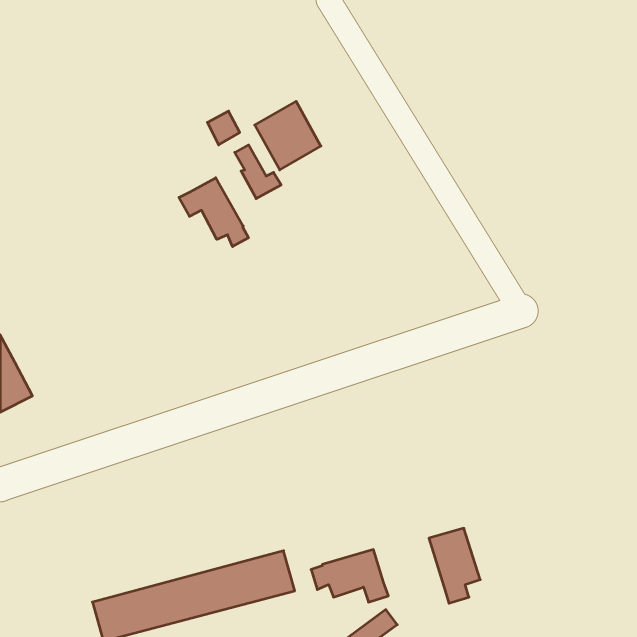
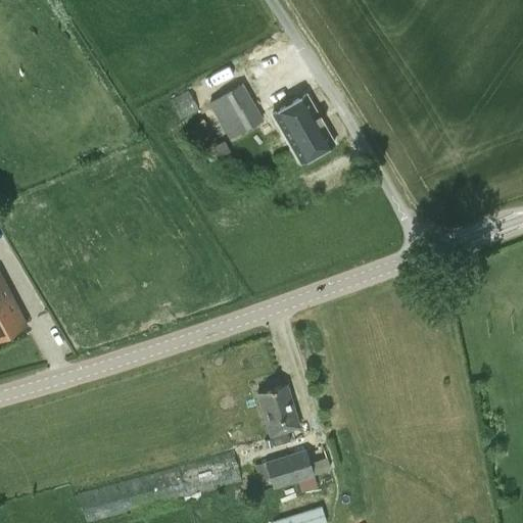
building: none -> [273,96,334,163]
building: [179,178,248,247] -> none
building: [429,528,480,603] -> [257,385,299,446]

